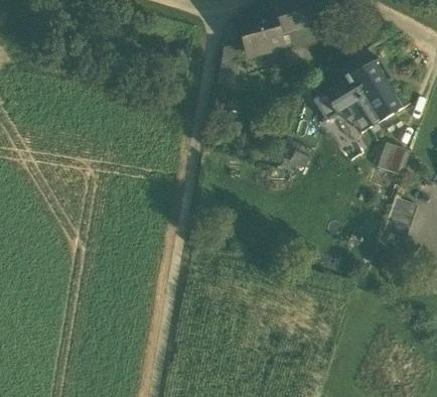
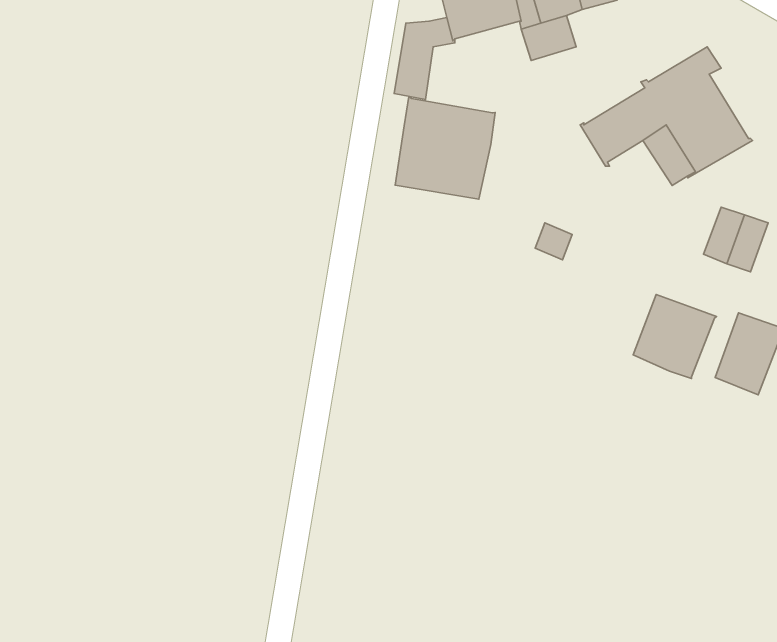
building: none -> [395,96,495,199]
building: none -> [633,295,716,379]

